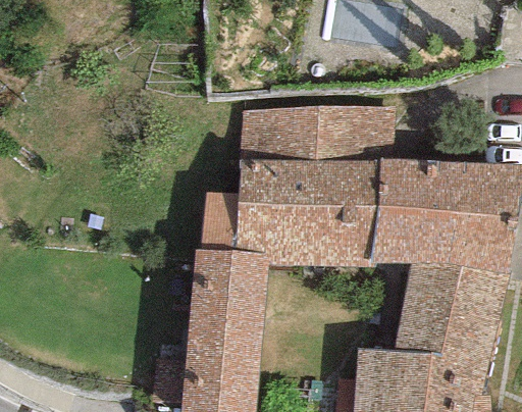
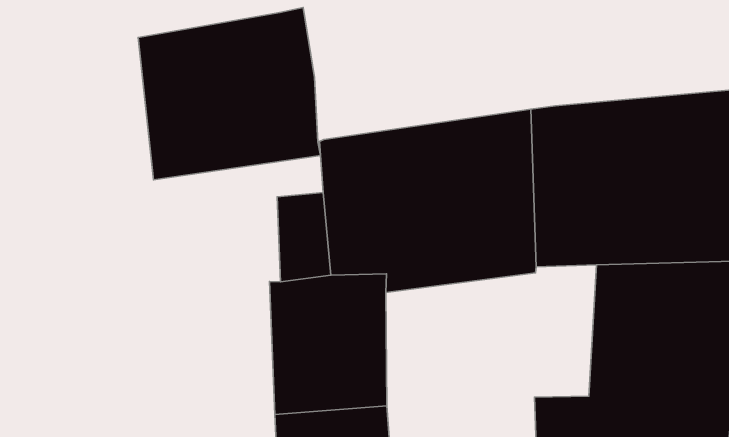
building: none -> [138,8,320,180]
building: [243,107,398,159] -> none

